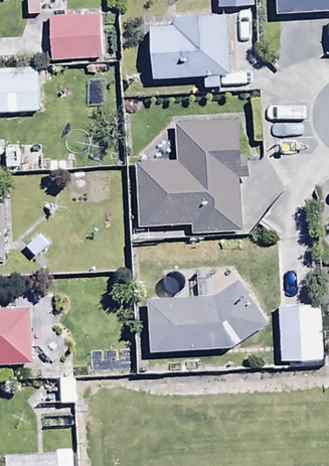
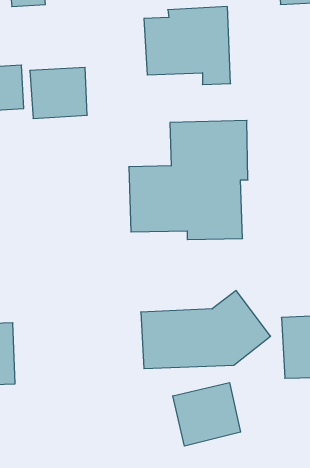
building: [48,14,102,61] -> [30,67,87,118]
building: none -> [173,383,241,446]

